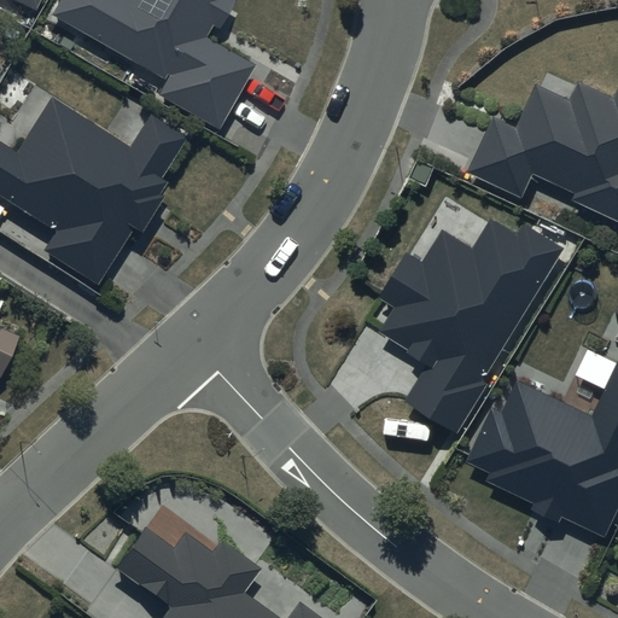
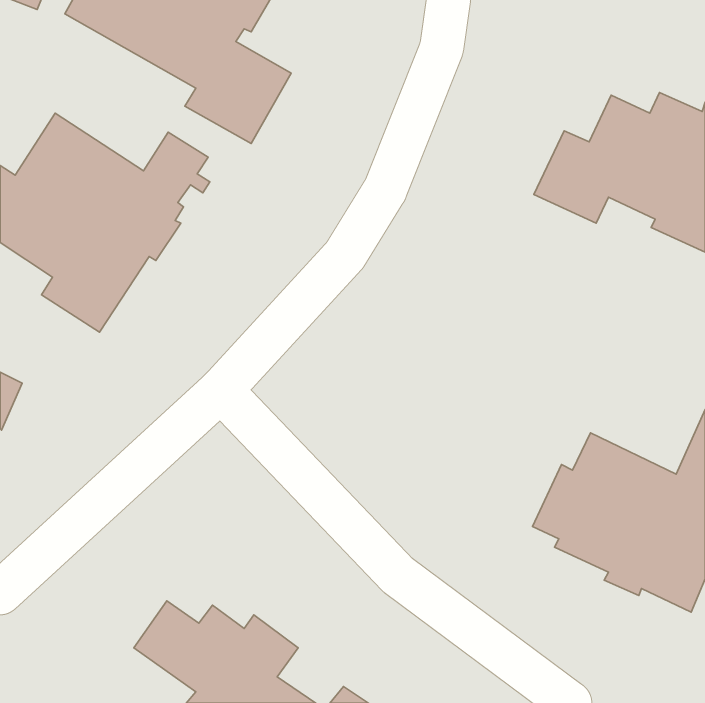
building: [379,216,565,431] -> none

